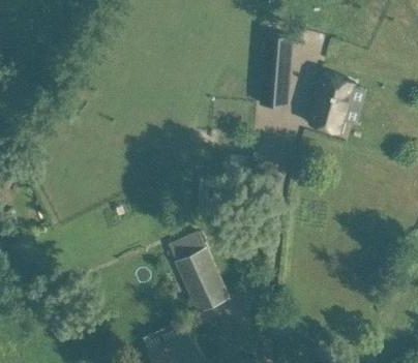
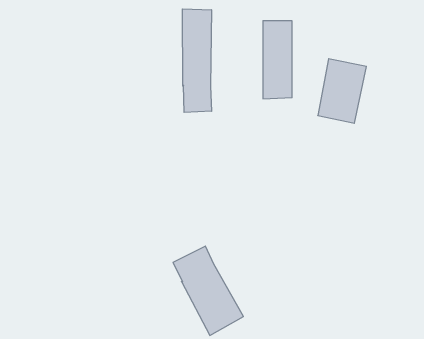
building: none -> [182,9,212,112]

